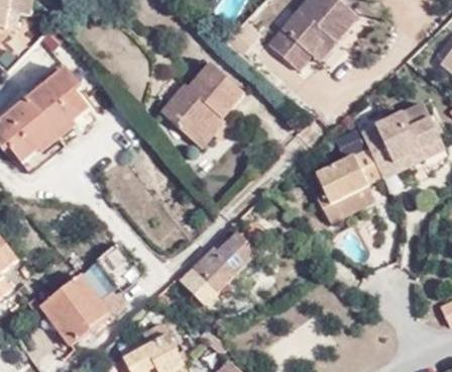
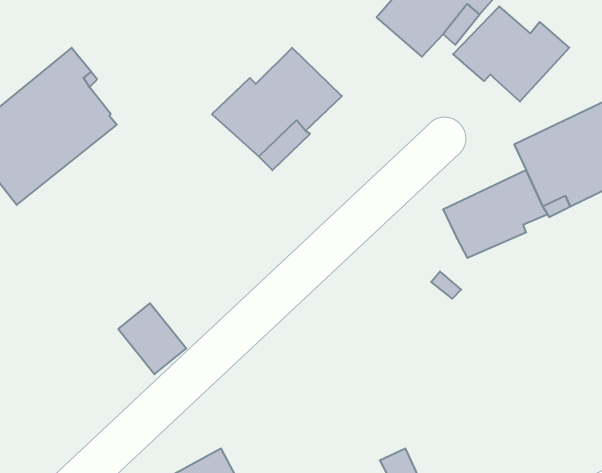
building: none -> [453,6,569,102]
building: [183,232,266,300] -> none
building: [36,259,124,343] -> none

